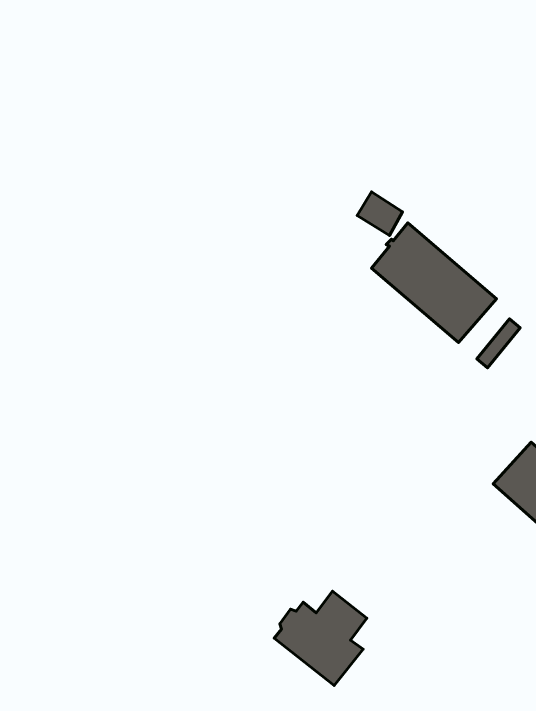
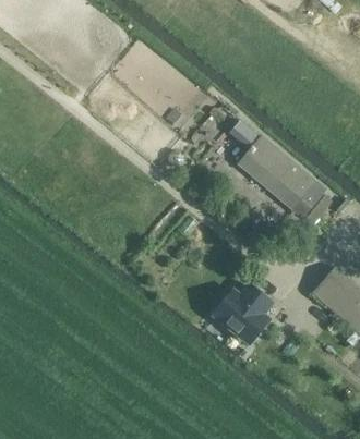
building: [274,591,367,685] -> [216,286,272,343]

